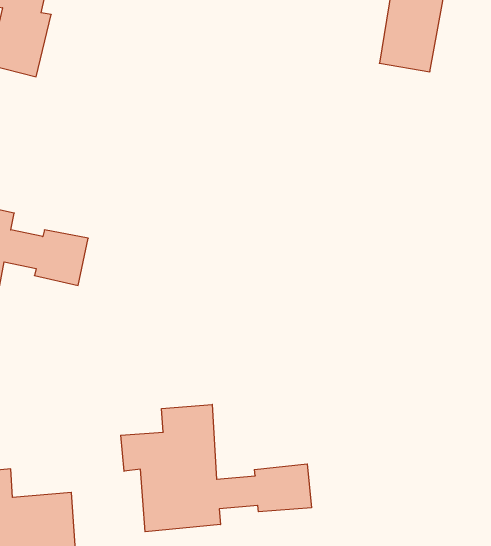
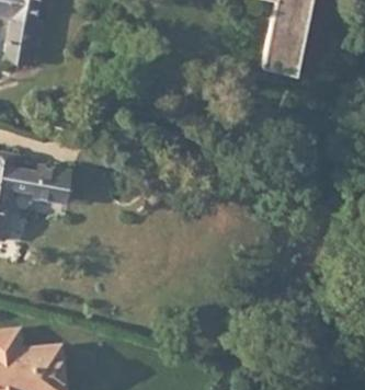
building: [121,404,311,532] -> none

